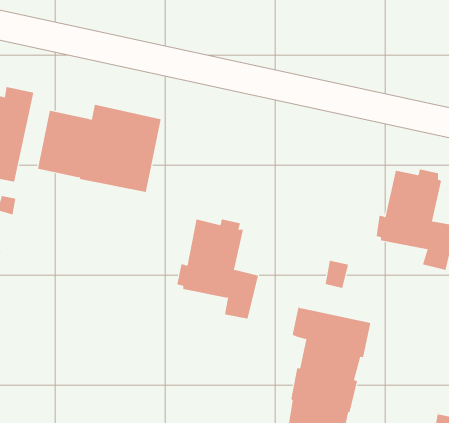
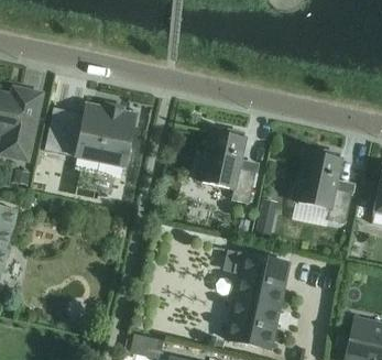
building: [176,219,259,319] -> [196,130,257,204]

